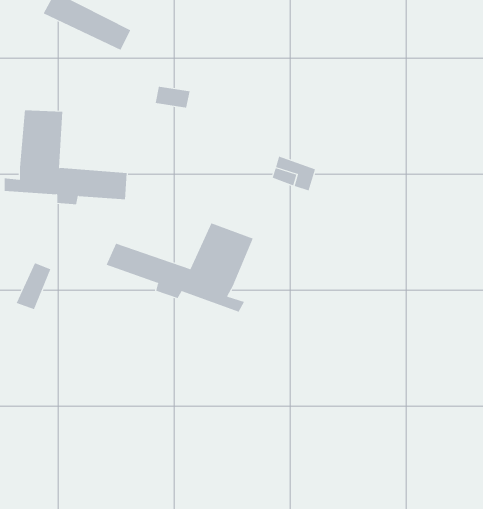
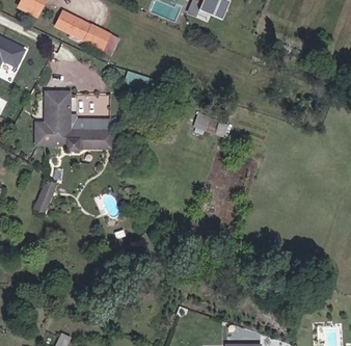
building: [106,222,253,312] -> none

